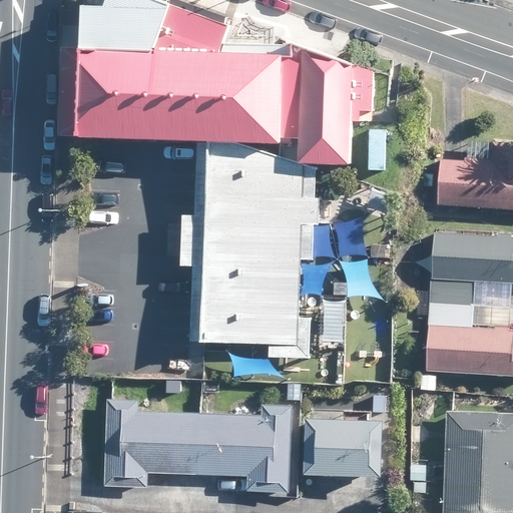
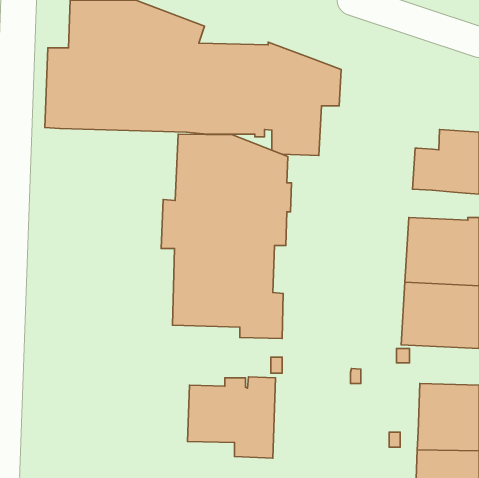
building: [107,399,202,487] -> none
building: [308,413,387,474] -> none

